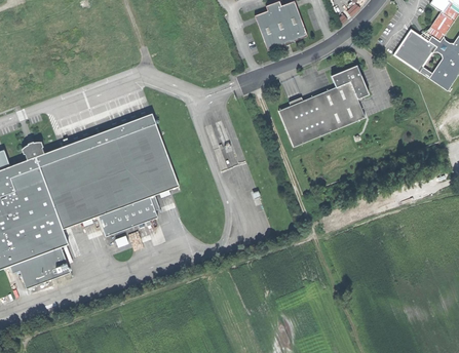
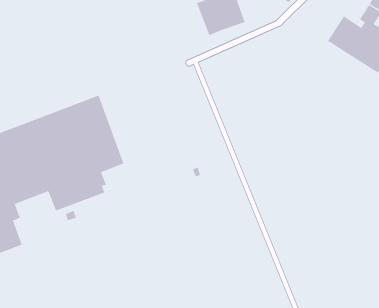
building: [277,64,368,146] -> none

